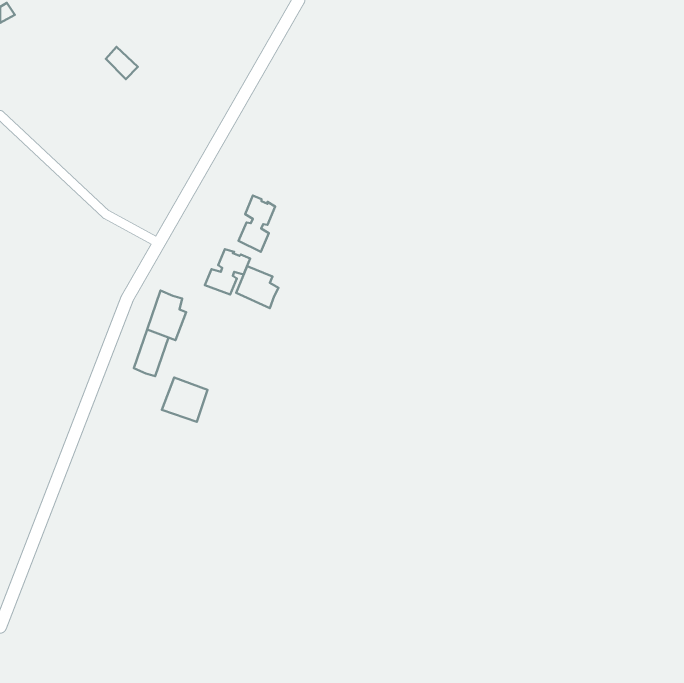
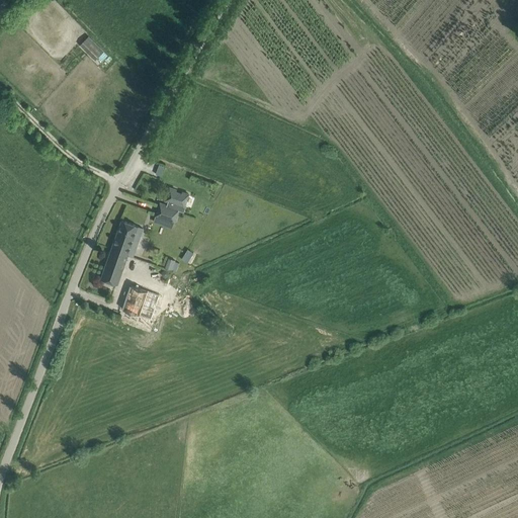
building: [239,196,275,252] -> none
building: [236,266,279,308] -> none

